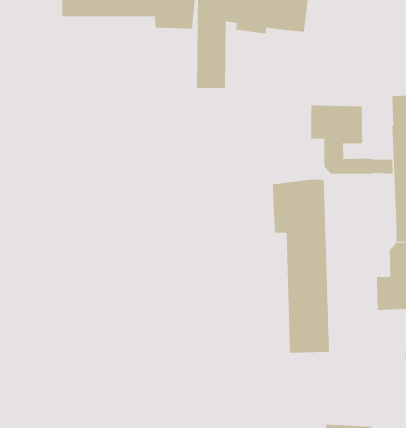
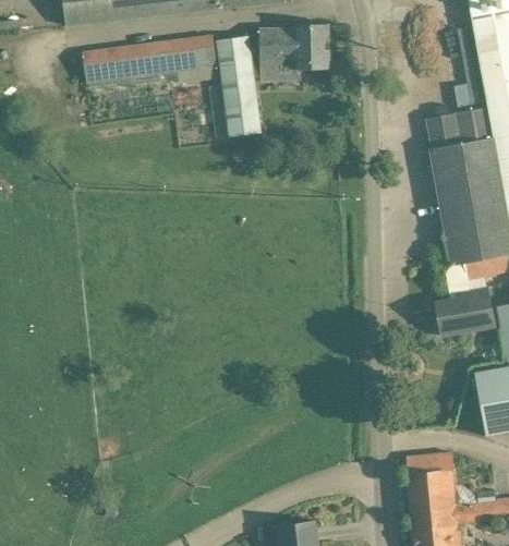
building: [311,105,393,175] -> none
building: [272,179,329,354] -> none

